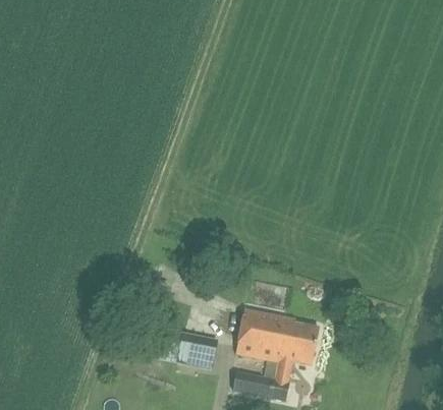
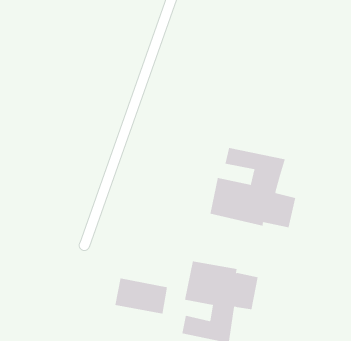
building: none -> [210,147,296,228]

